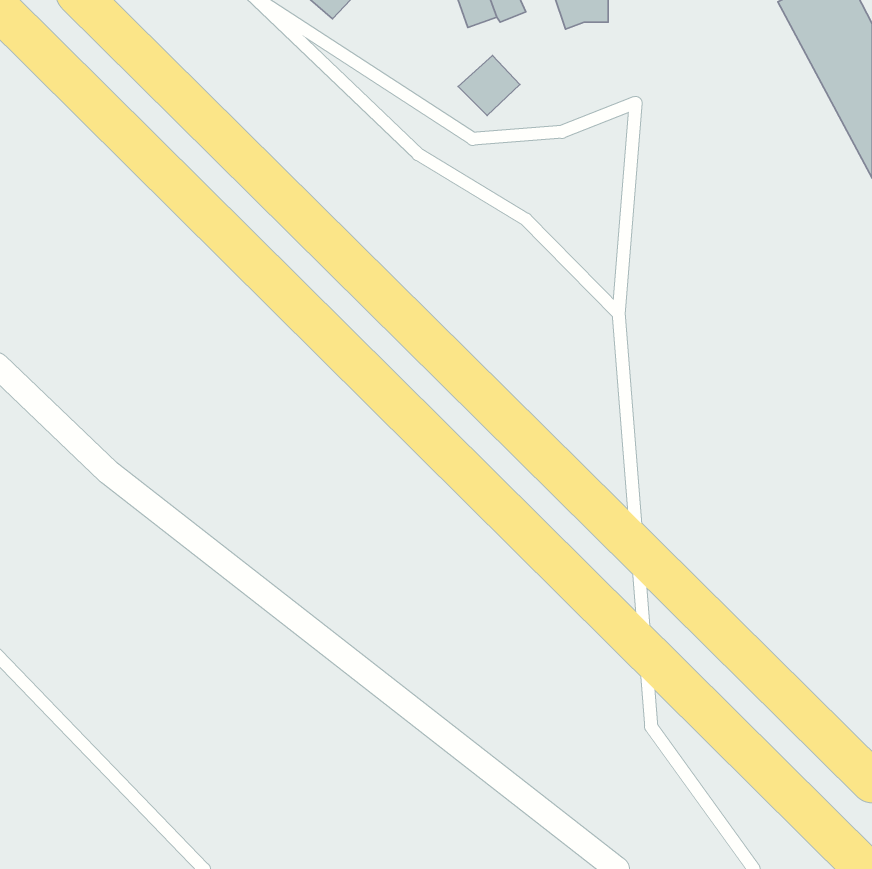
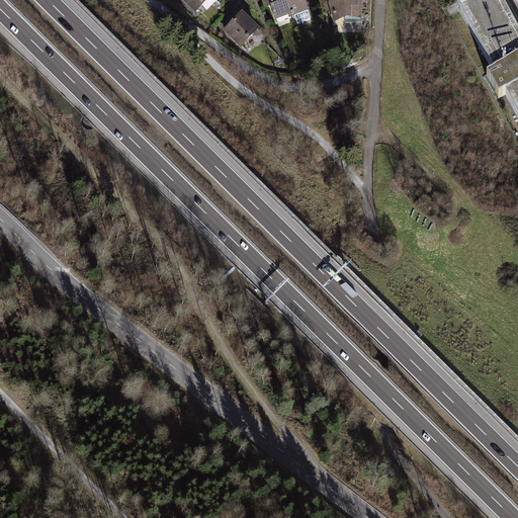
building: [458,56,520,115] -> [224,10,260,46]

